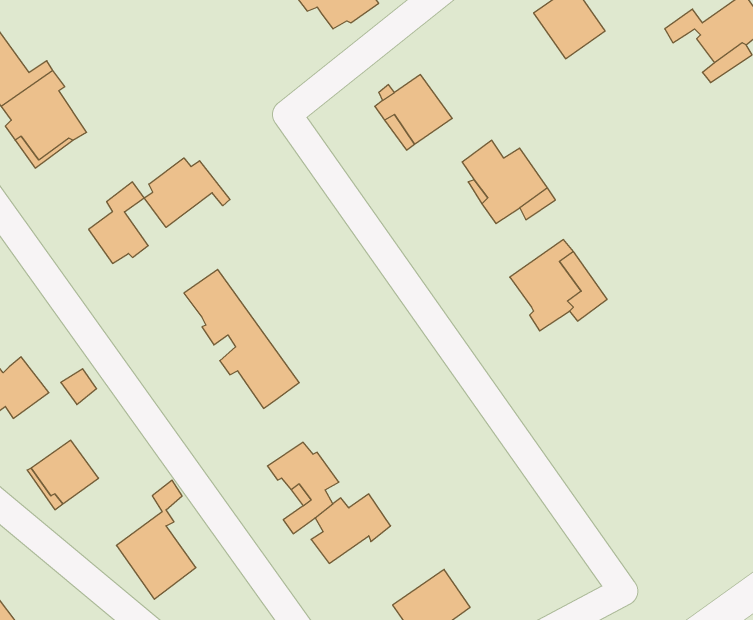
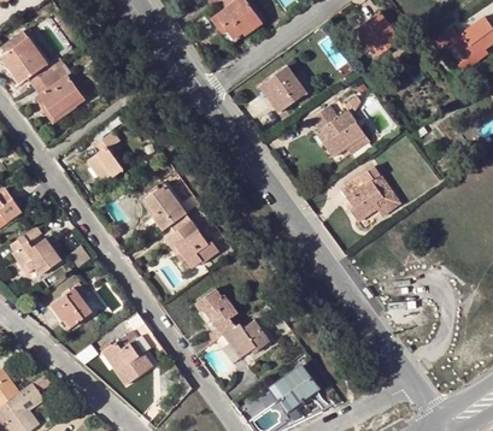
building: [144,158,230,227] -> none

